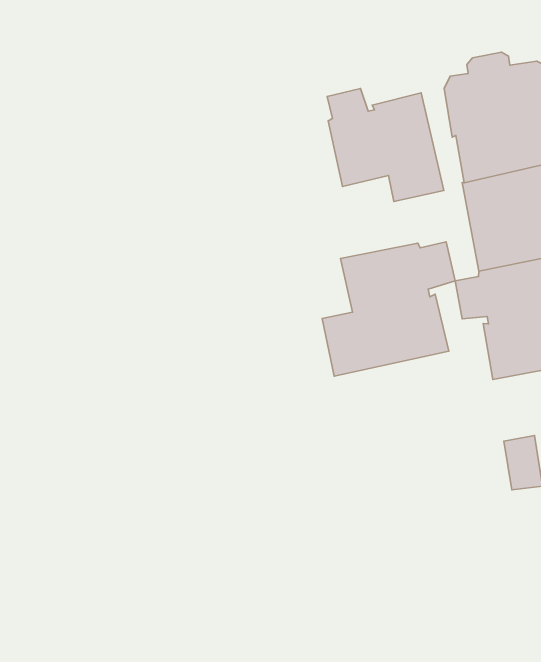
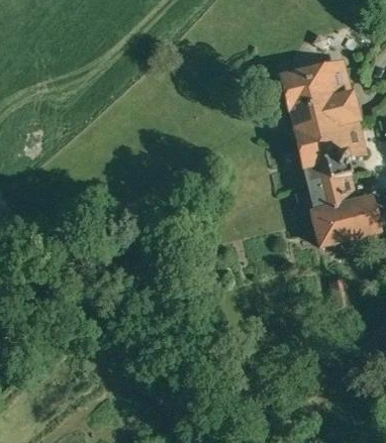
building: [327,88,444,201] -> none
building: [322,242,455,376] -> none

